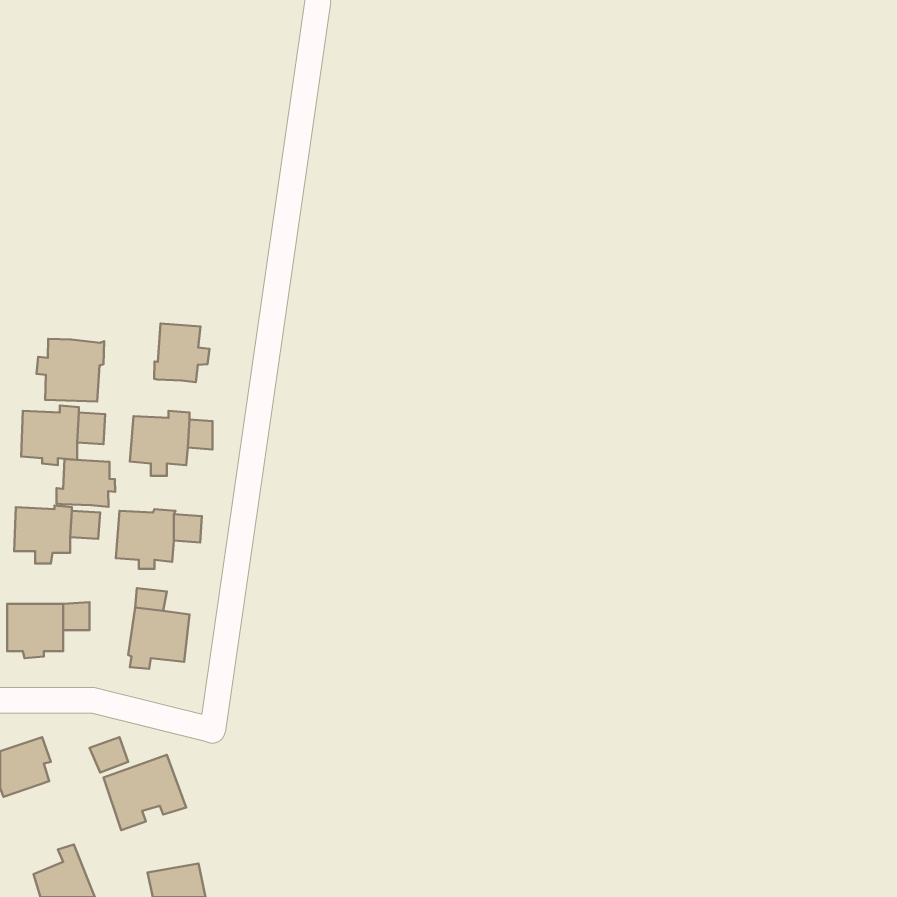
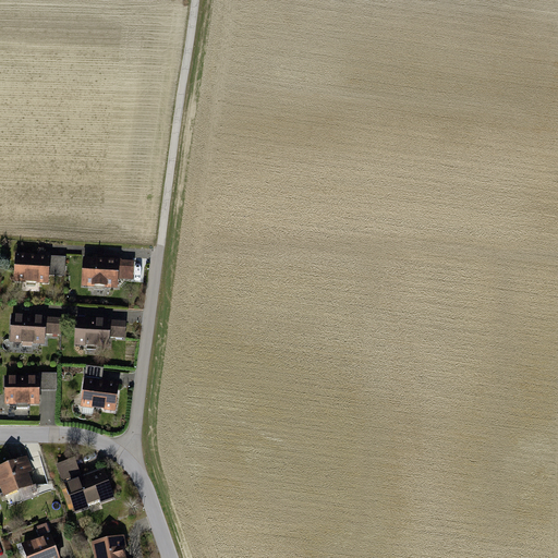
building: [154,323,209,382] -> none
building: [36,339,104,402] -> none
building: [56,459,115,507] -> none

